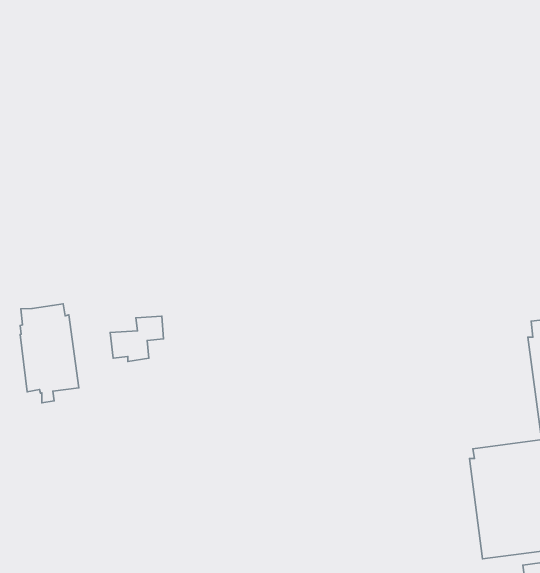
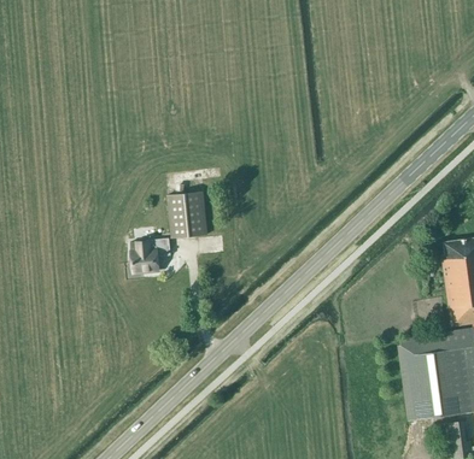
building: none -> [166,192,207,239]
building: [20,304,79,403] -> none

